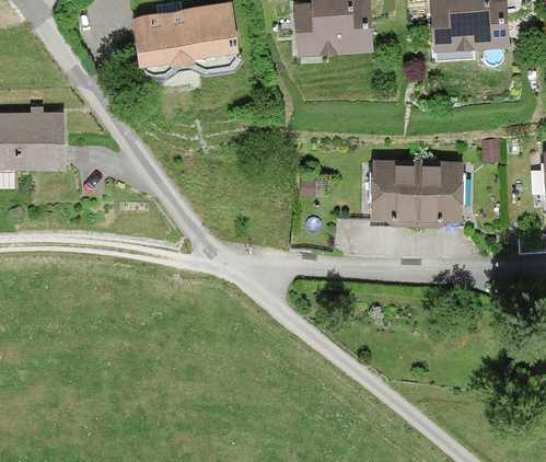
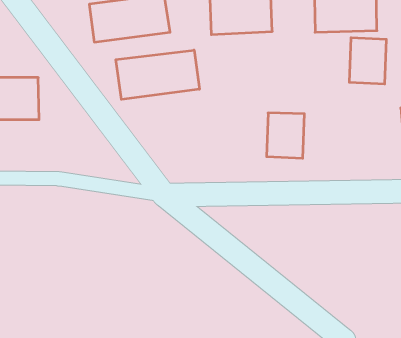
building: none -> [116,50,199,99]
building: [414,161,463,222] -> [349,38,386,84]

